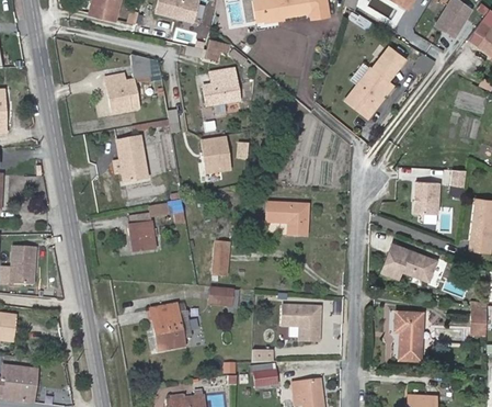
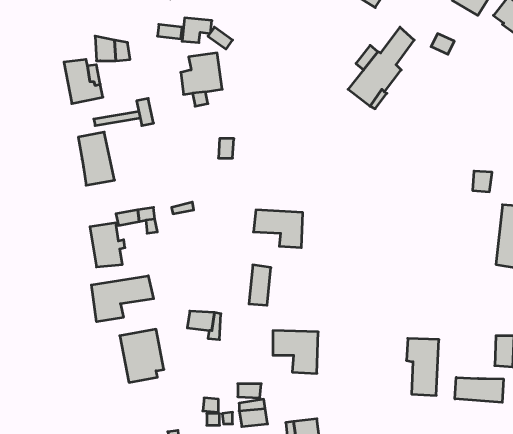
building: [202,137,231,173] -> none
building: [413,182,440,217] -> none
building: [211,241,230,275] -> [249,265,271,305]
building: [381,245,437,282] -> none
building: none -> [91,276,154,322]
building: none -> [455,377,503,402]

